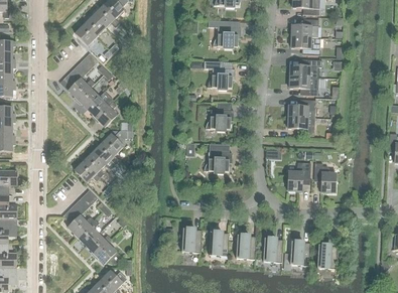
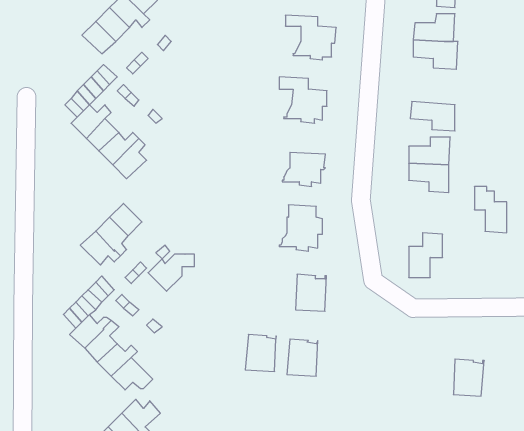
building: [290,58,322,78] -> none
building: [102,130,132,154] -> [148,254,194,291]
building: [314,162,336,192] -> [474,187,507,233]
building: [236,234,256,258] -> [296,274,326,311]
building: [263,237,283,262] -> none
building: [290,241,310,265] -> none

